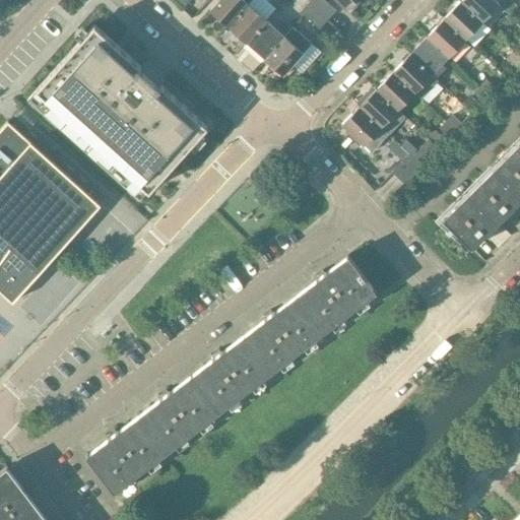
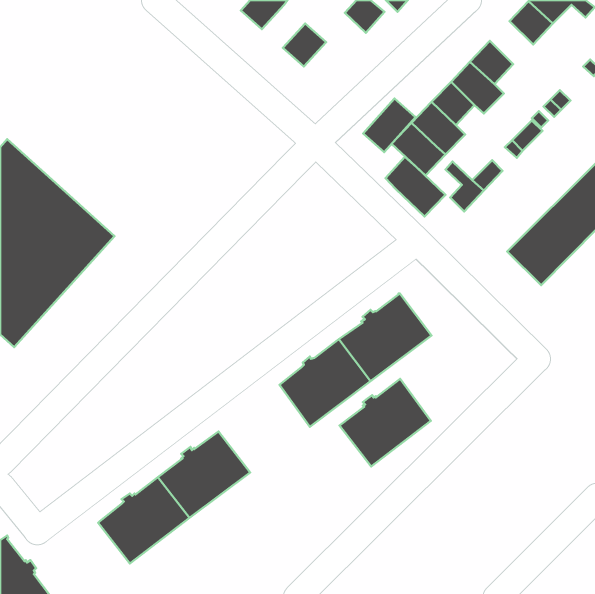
building: [230,7,267,45] -> none
building: [428,21,465,59] -> none
building: [27,27,208,204] -> none
building: [266,30,312,77] -> [363,98,416,152]
building: none -> [385,157,445,216]
building: [192,337,271,413] -> [340,379,431,466]

